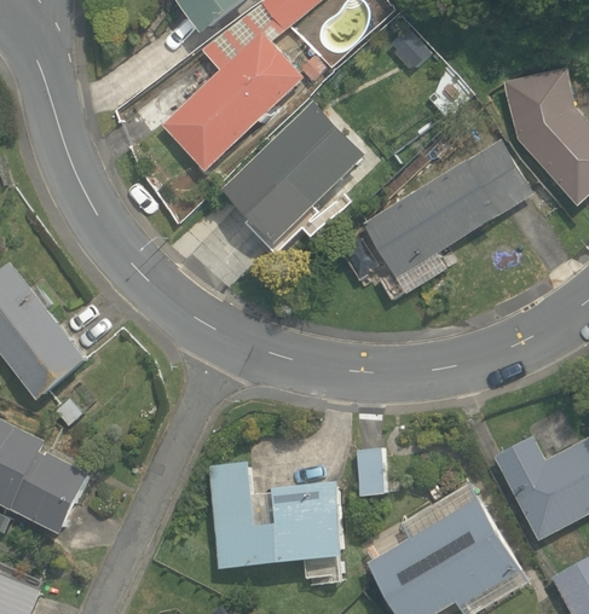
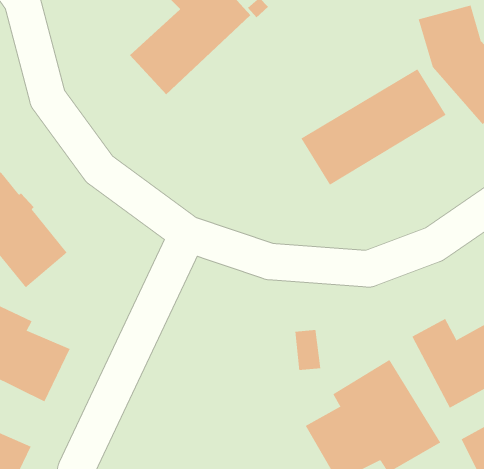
building: [223,99,368,242] -> none
building: [208,461,345,568] -> none

